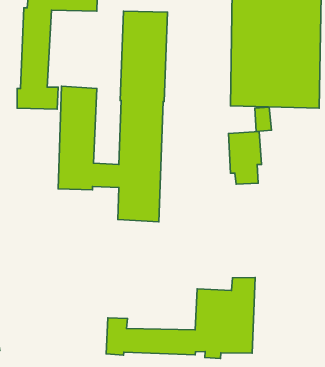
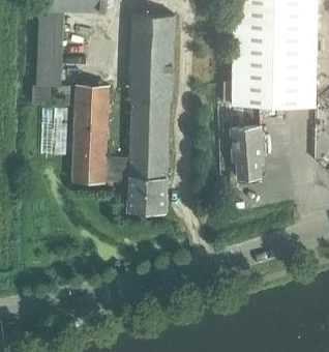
building: [106,278,255,359] -> none

